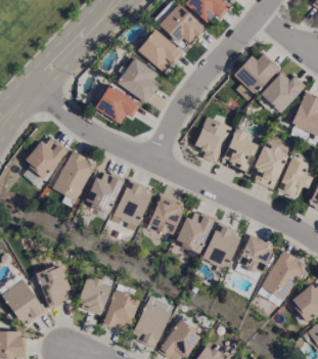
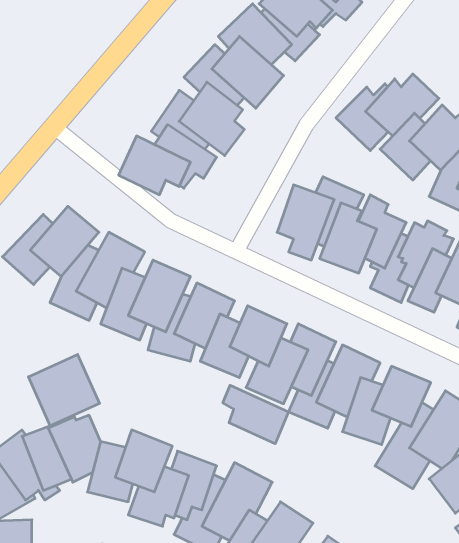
building: none -> [28,354,100,426]
building: none -> [223,385,289,444]

